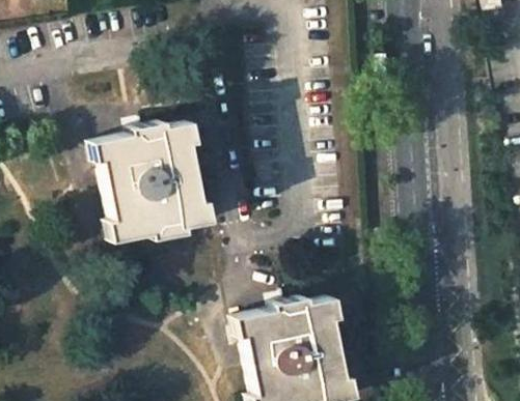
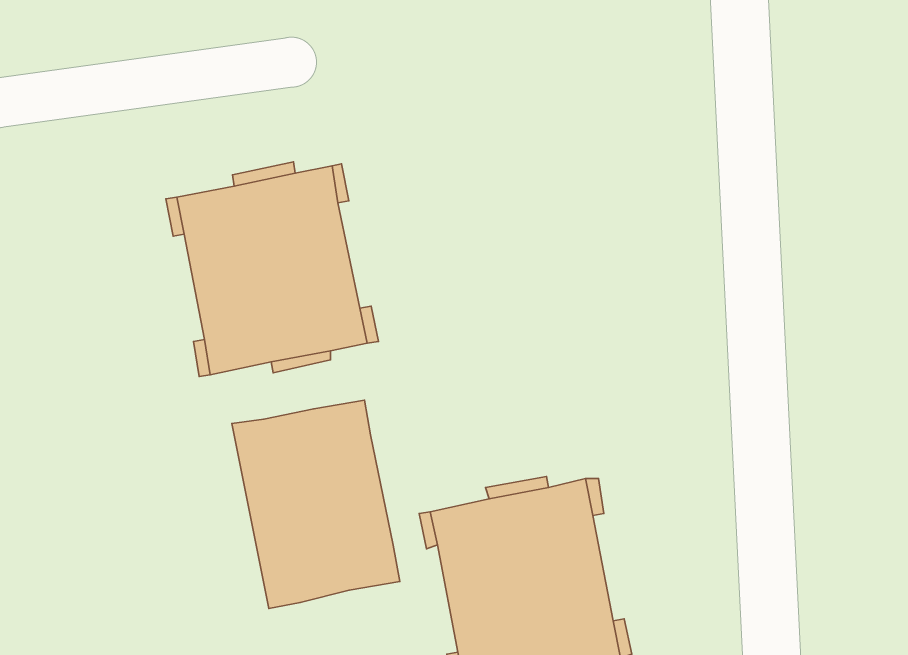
building: none -> [232,400,400,608]

